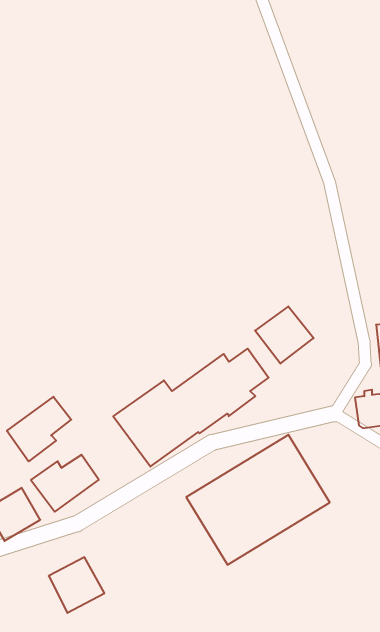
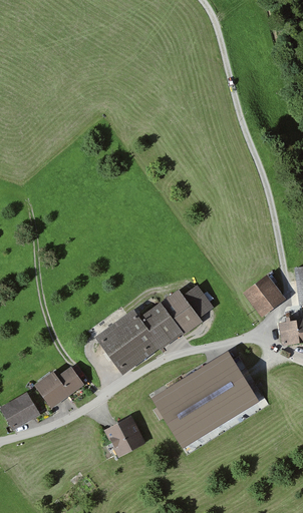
building: [255,306,314,364] -> [242,275,286,318]
building: [7,397,71,461] -> none
building: [49,557,104,613] -> [103,416,145,458]

